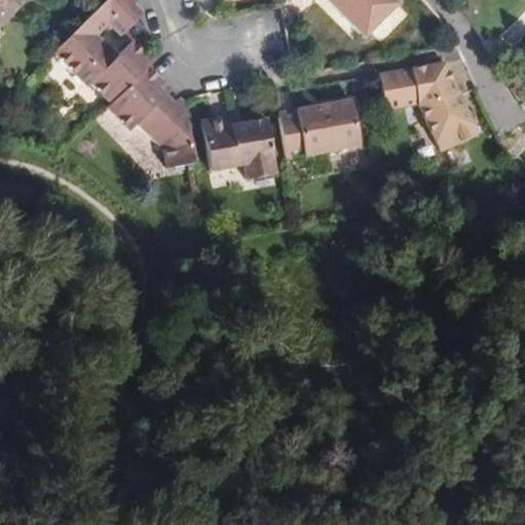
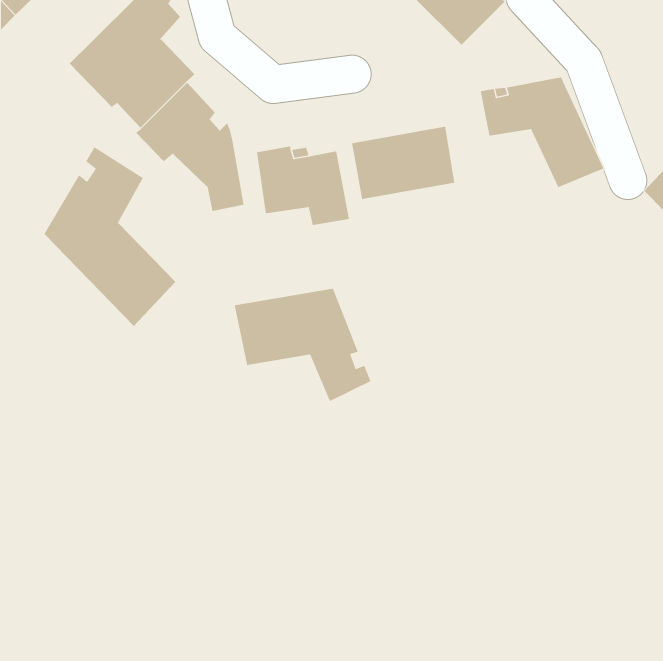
building: none -> [43,146,176,327]
building: none -> [234,288,371,402]

